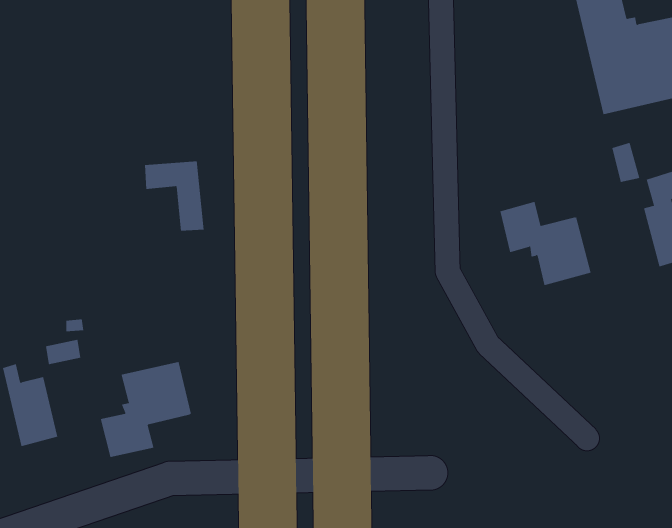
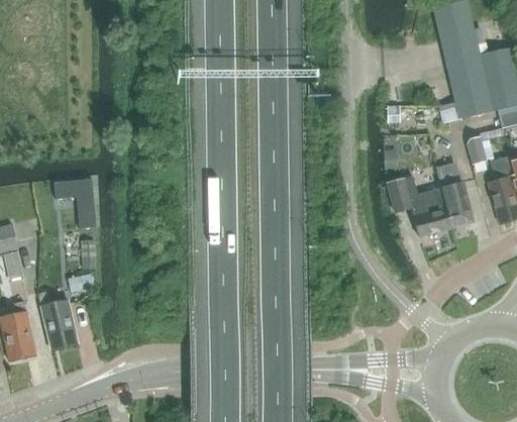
building: [144,161,205,231] -> [55,179,97,228]
building: none -> [436,164,474,227]
building: [100,361,191,458] -> none

